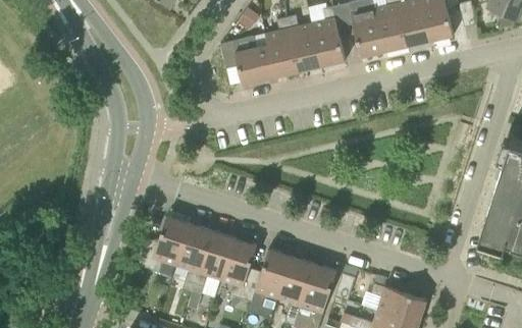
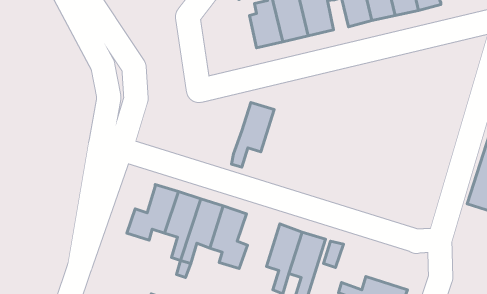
building: [221,38,268,85] -> none
building: [249,249,292,314] -> [232,102,274,167]
building: [371,283,427,322] -> none

